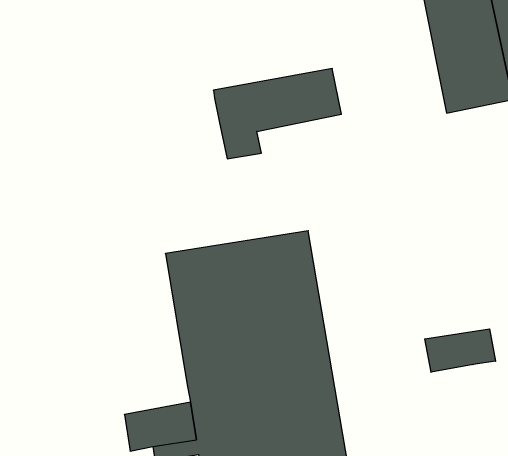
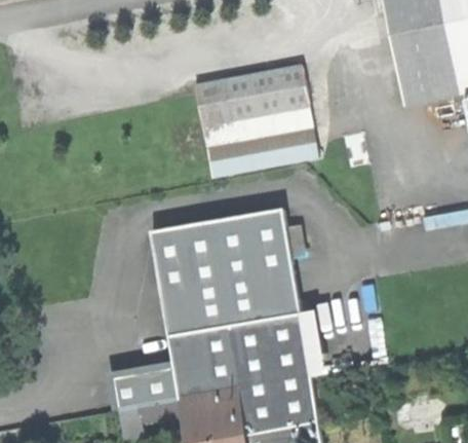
building: none -> [207,107,318,177]
building: [425,329,496,372] -> none

